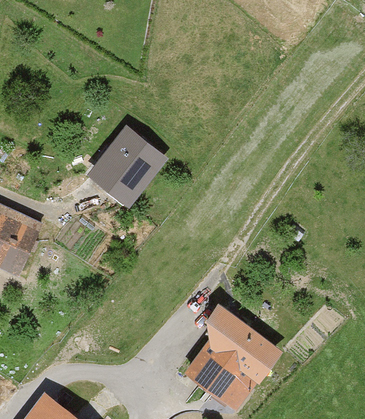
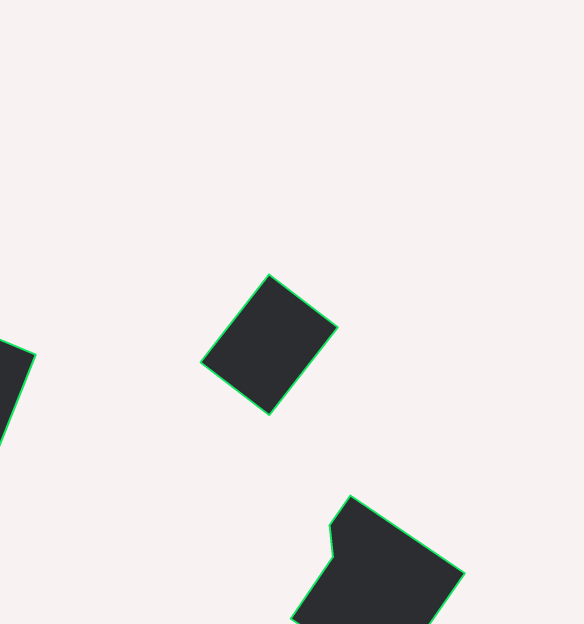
building: [88,126,166,206] -> [201,274,338,415]

